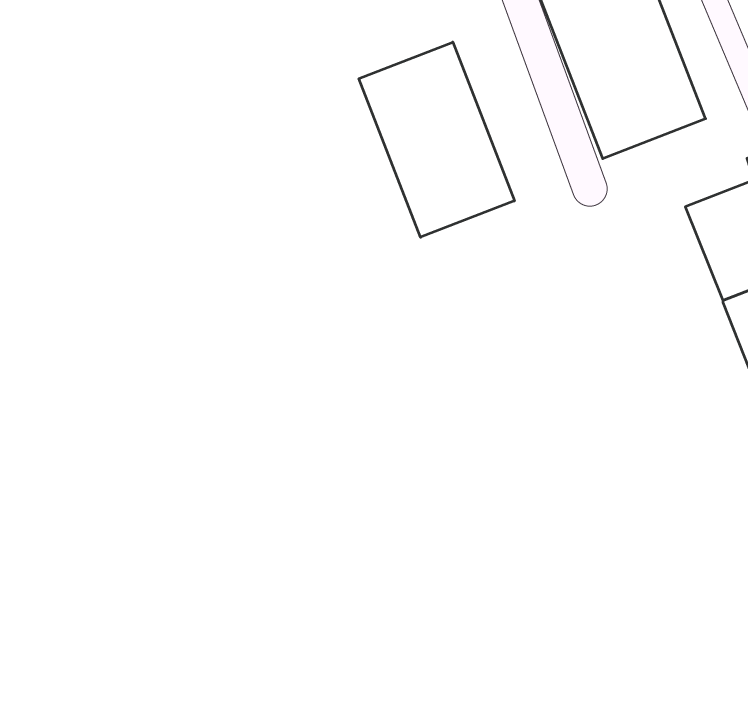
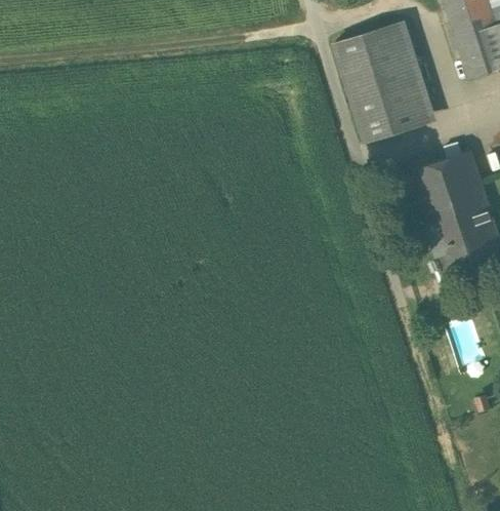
building: [359,42,514,237] -> none

